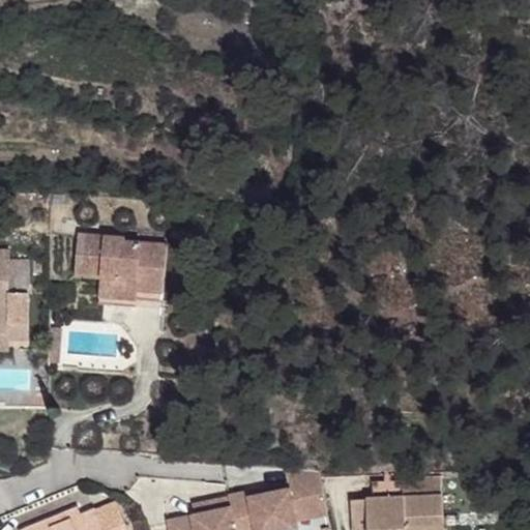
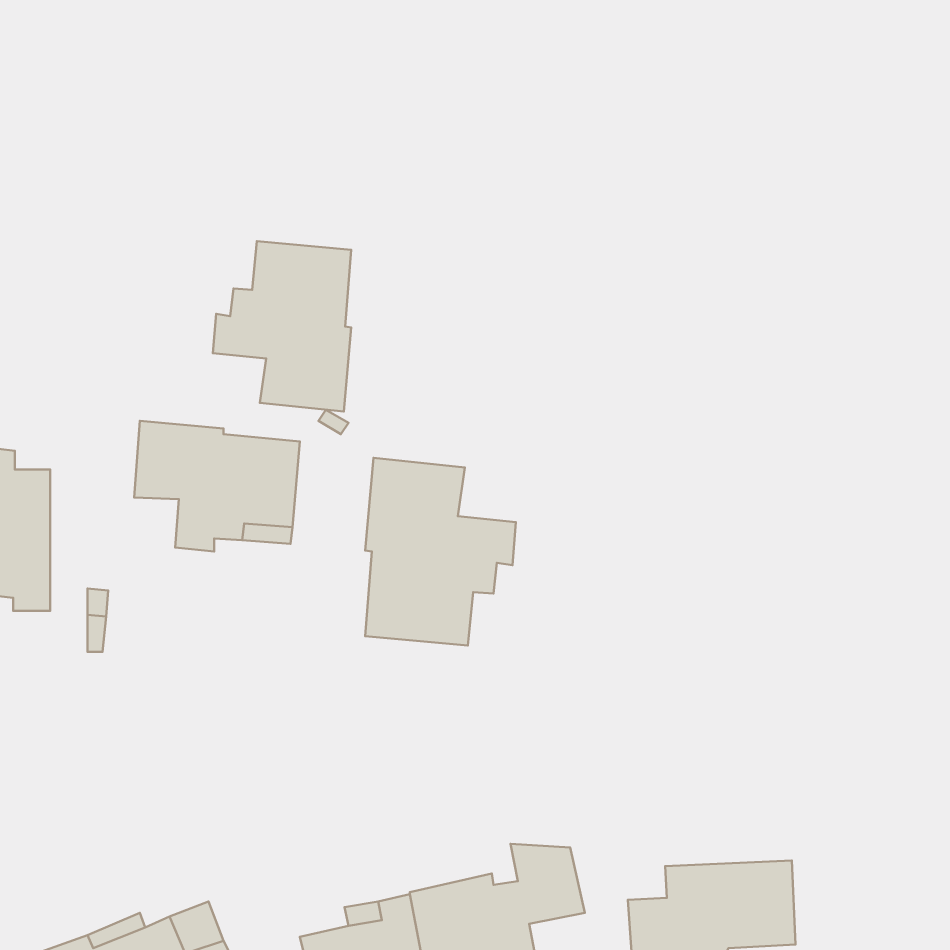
building: none -> [213,241,351,412]
building: none -> [365,458,516,645]

